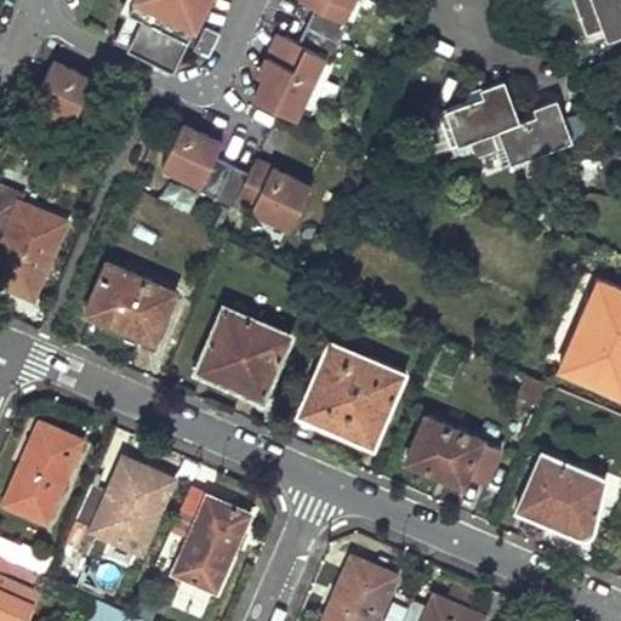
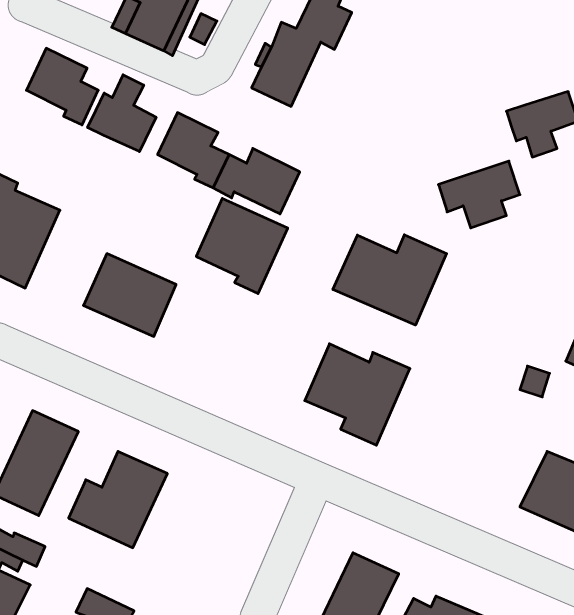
building: [441,86,522,152] -> [438,161,520,228]
building: none -> [88,75,156,152]
building: none -> [333,235,447,325]
building: [204,308,294,401] -> [196,198,288,294]
building: [410,420,505,490] -> none
building: [167,488,249,592] -> none

